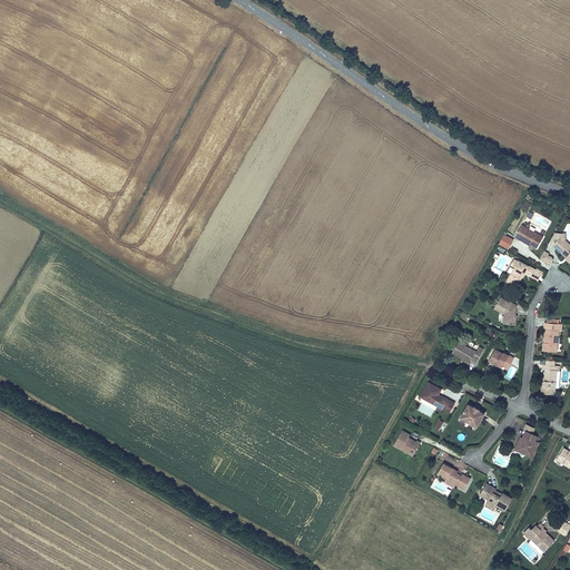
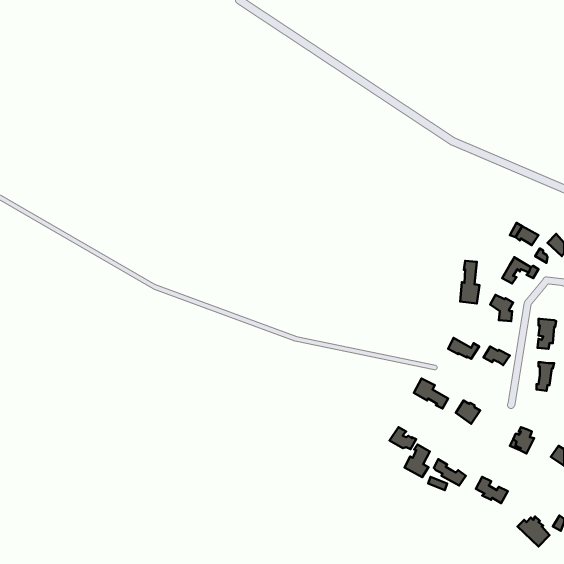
building: none -> [460,261,480,304]
building: none -> [405,445,430,477]

